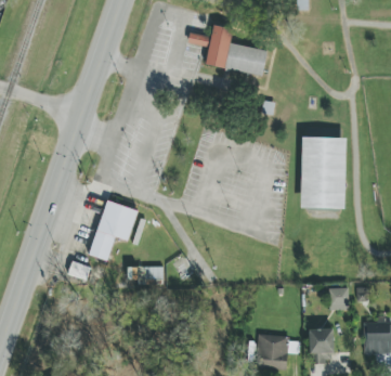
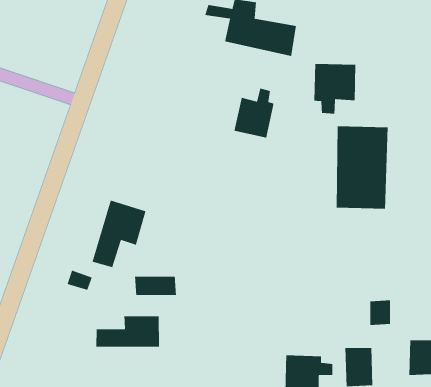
building: none -> [314,63,356,114]
building: none -> [233,87,275,139]
building: none -> [96,315,160,347]

